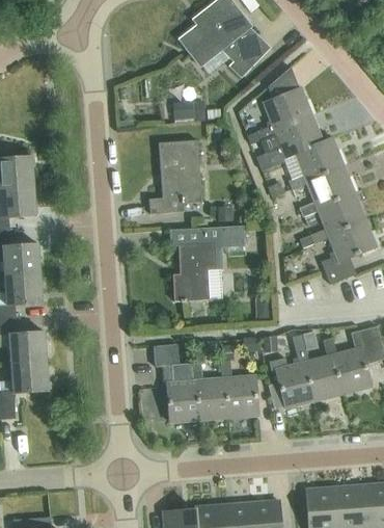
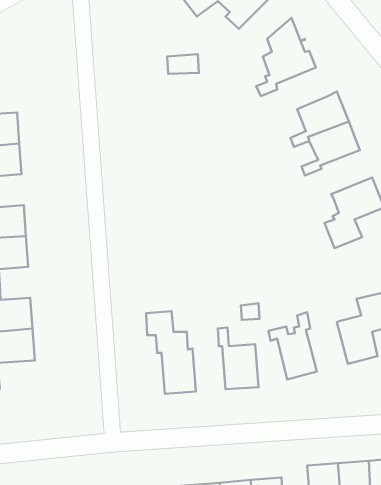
building: [255,113,324,170] -> none
building: [149,139,202,213] -> none
building: [309,191,365,243] -> none
building: [169,225,245,300] -> none
building: [303,337,342,400] -> none
building: [191,362,227,419] -> none

